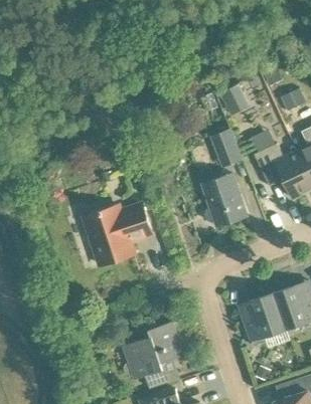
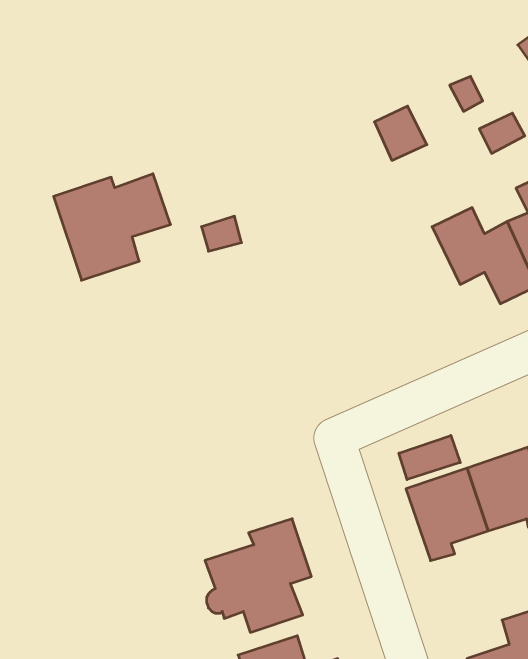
building: [211,129,243,168] -> none
building: [202,174,247,226] -> none
building: [85,204,152,265] -> [54,174,171,280]
building: none -> [399,435,460,480]

